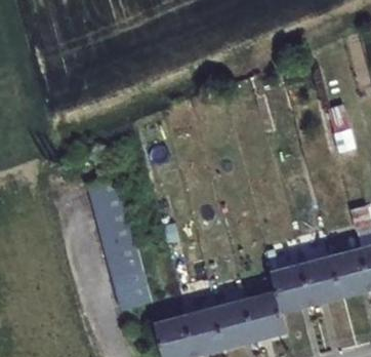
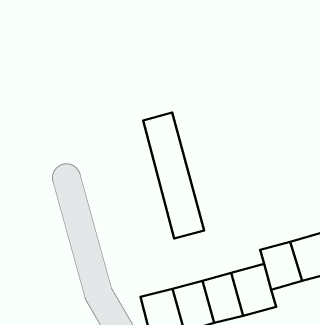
building: [87,184,150,313] -> [143,113,204,239]

